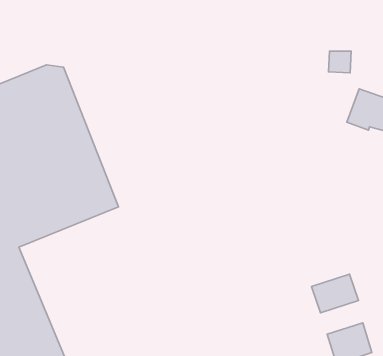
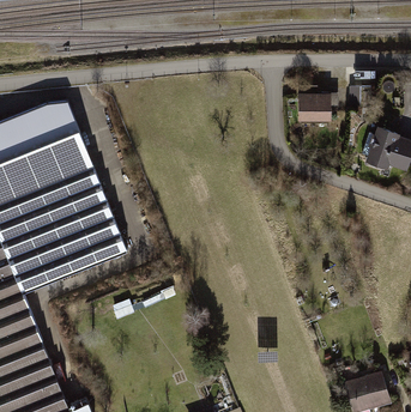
building: none -> [297,93,330,122]
building: [311,274,359,313] -> none

